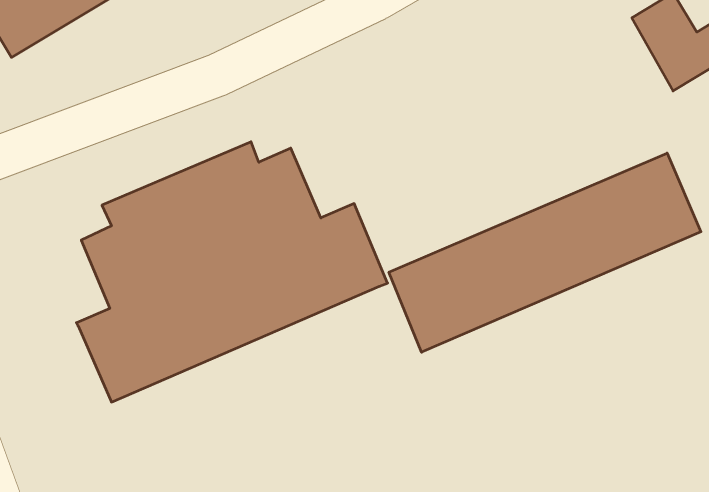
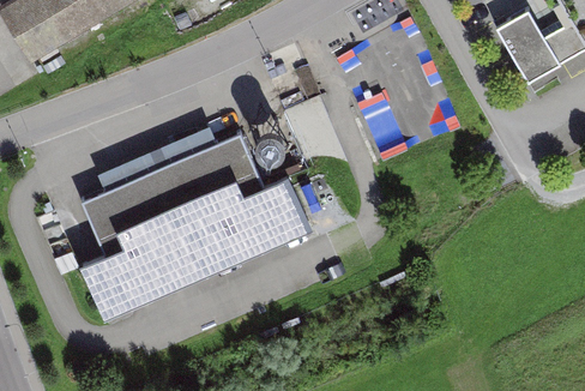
building: [389,153,701,352] -> none

